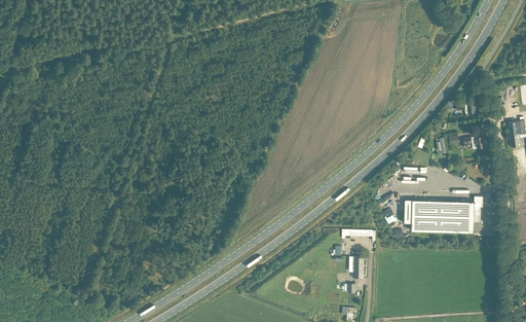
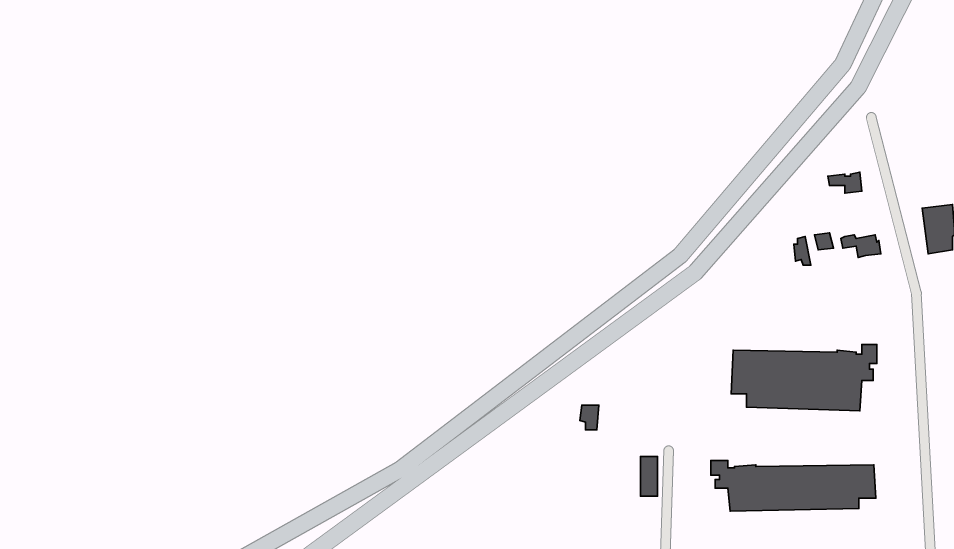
building: none -> [711,461,876,511]

